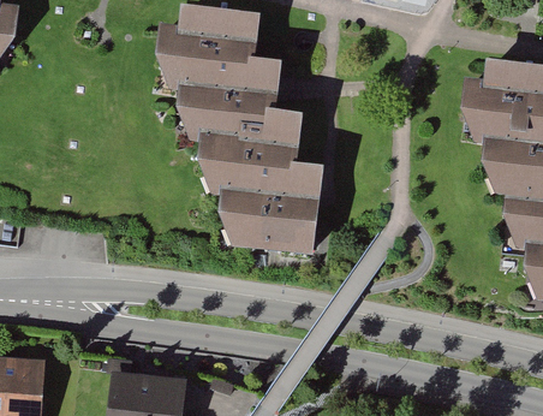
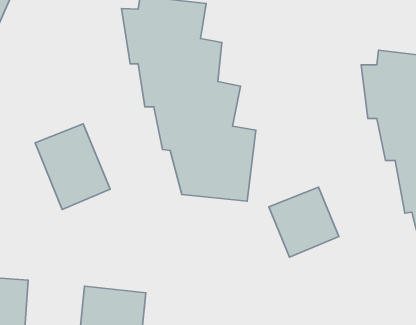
building: none -> [35,124,110,209]
building: none -> [269,187,339,257]

